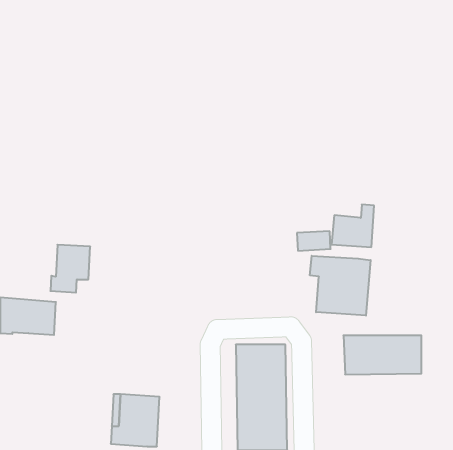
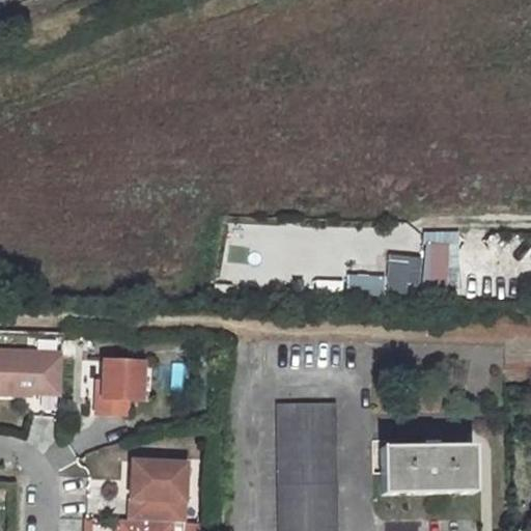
building: [50,245,90,293] -> [99,359,145,415]
building: [310,256,371,316] -> none
building: [343,335,421,374] -> [382,447,473,493]

